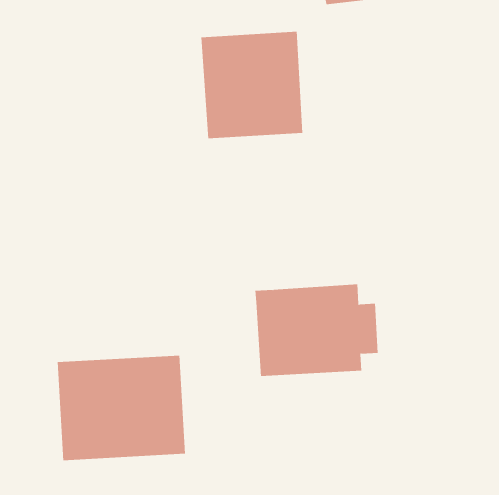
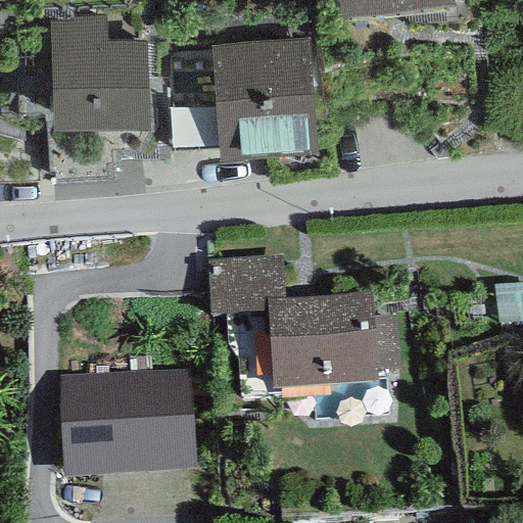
building: none -> [50,12,148,118]
building: none -> [208,255,286,319]

